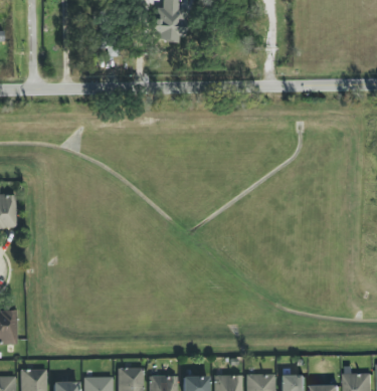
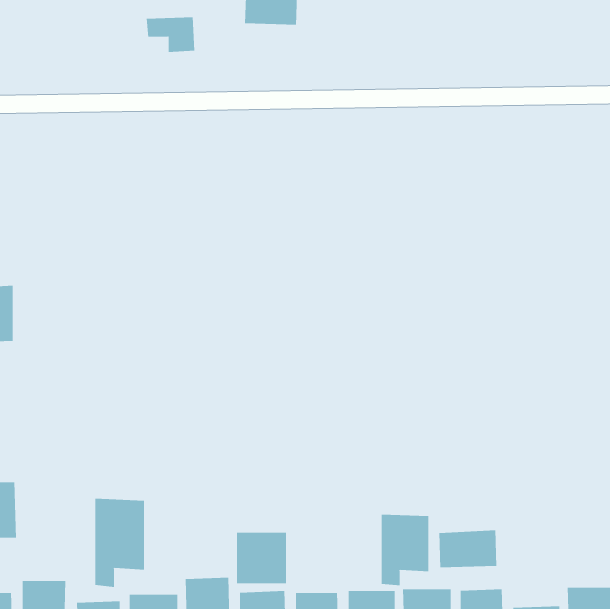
building: none -> [95,498,144,588]
building: none -> [381,514,429,586]
building: none -> [439,530,497,568]
building: none -> [237,532,287,584]

